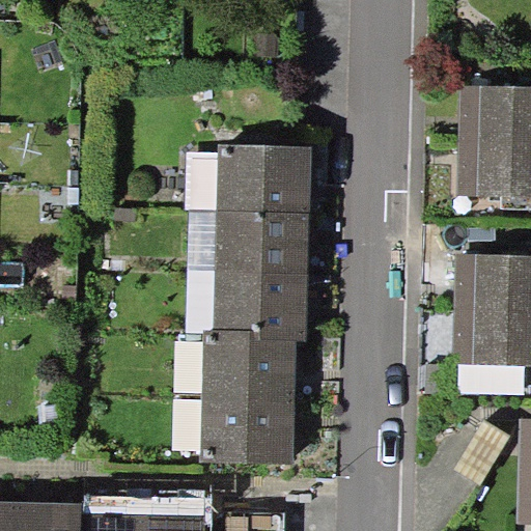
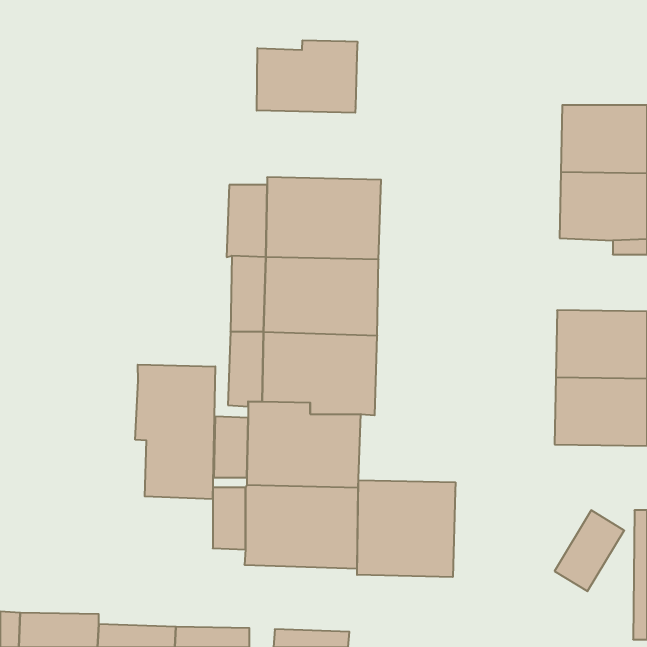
building: none -> [257,40,357,113]
building: none -> [135,365,215,499]
building: none -> [357,480,455,577]

